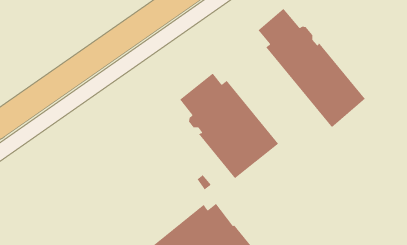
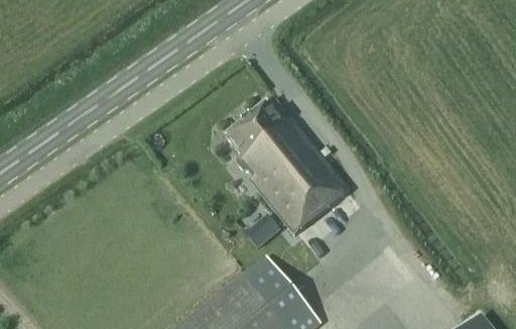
building: [257,8,366,128] -> none

